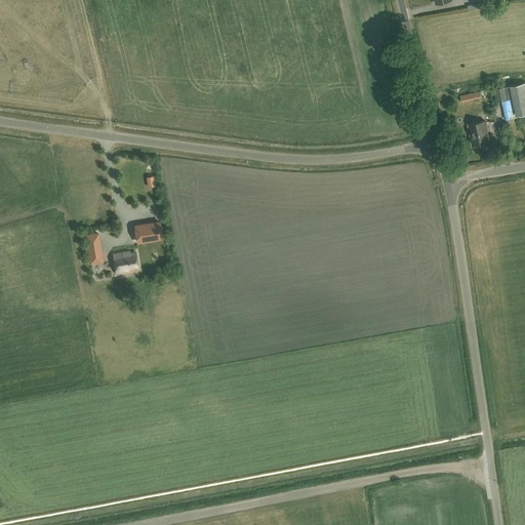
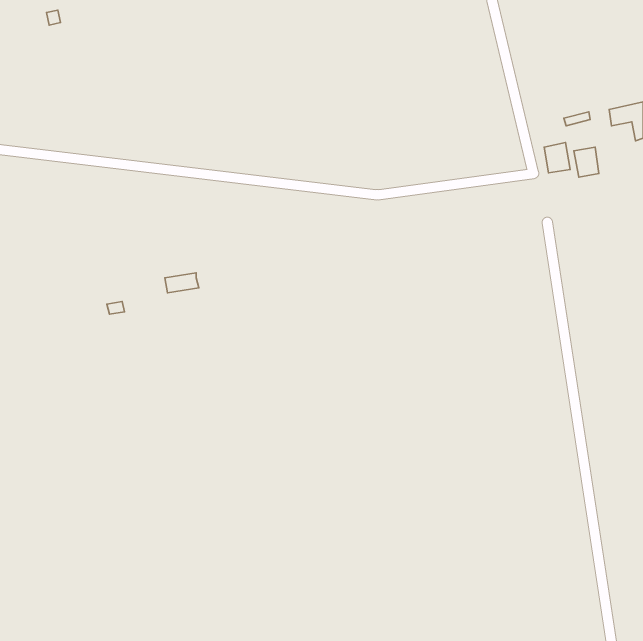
building: none -> [544,142,570,173]
building: [113,251,139,275] -> none

